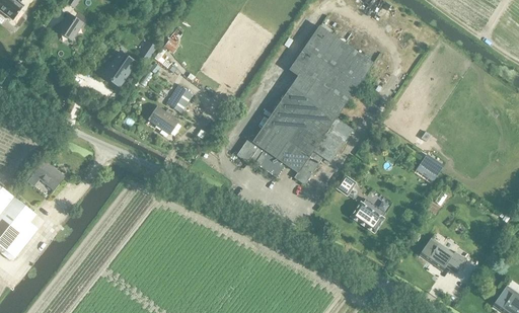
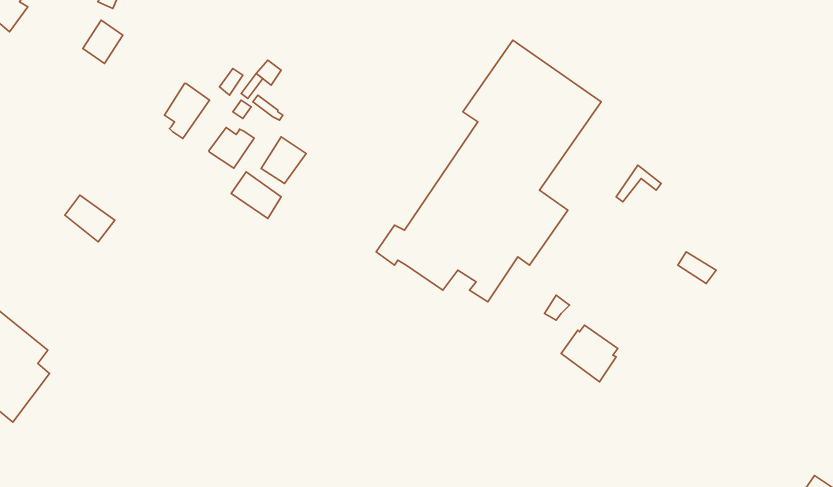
building: none -> [209,128,254,168]
building: [33,161,64,189] -> [65,195,115,242]
building: [421,239,464,272] -> none

